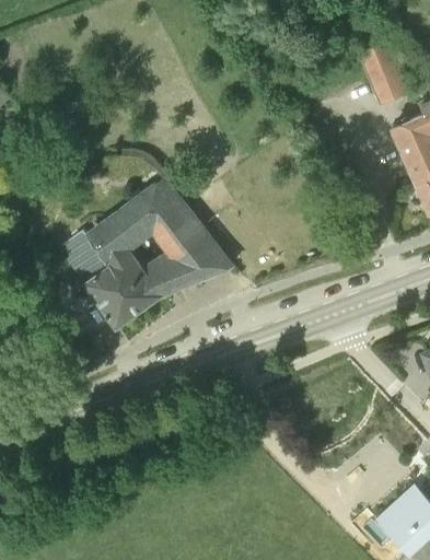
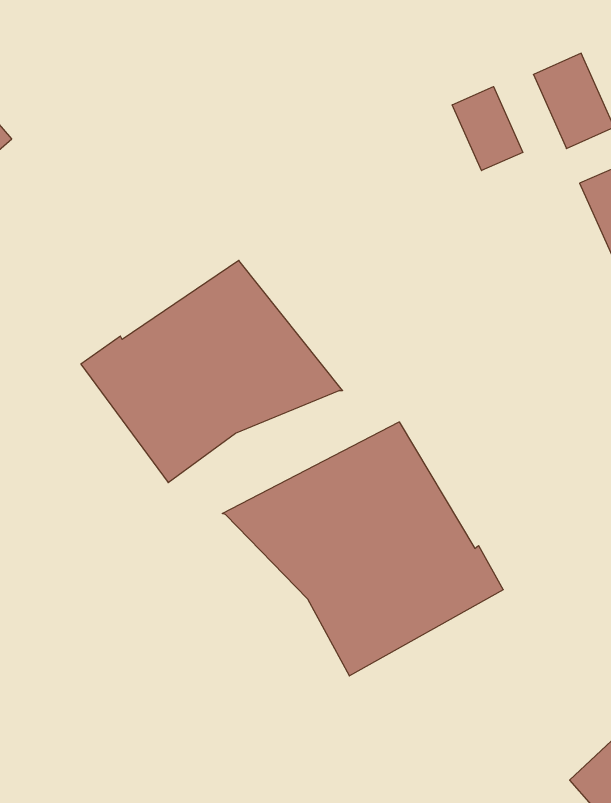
building: none -> [452,87,523,171]
building: none -> [222,422,503,676]

